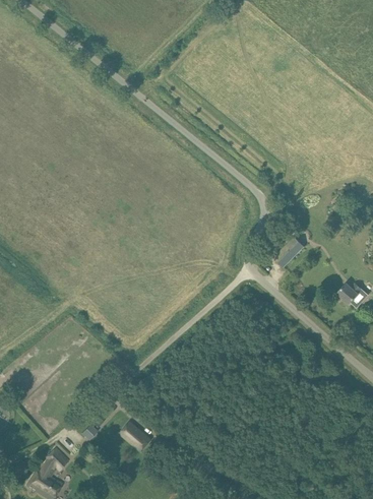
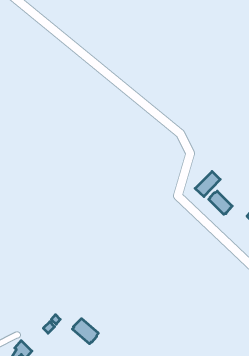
building: none -> [209,191,232,214]

